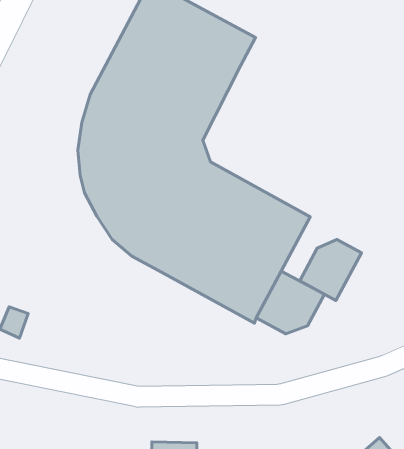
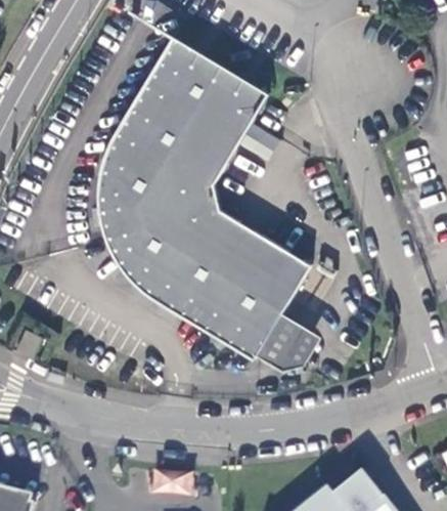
building: [300,239,361,300] -> none

